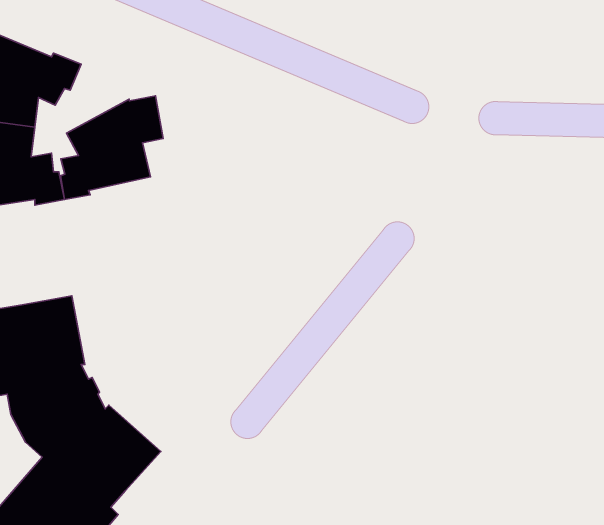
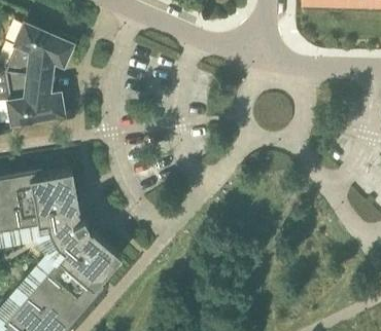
building: [60,96,163,200] -> none

